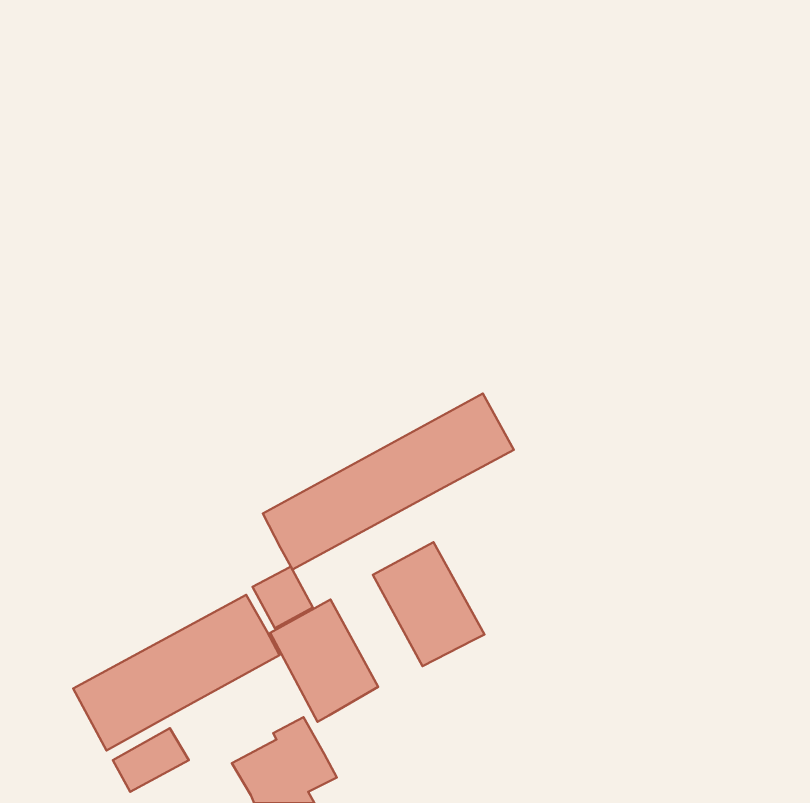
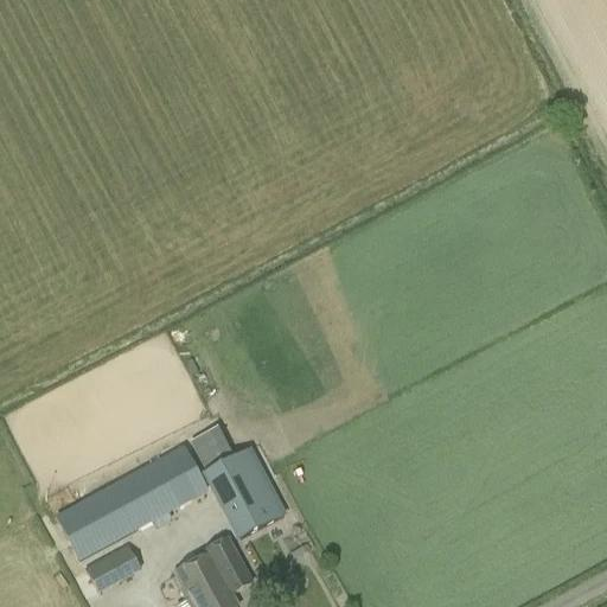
building: [263,393,514,569] -> none
building: [373,542,485,666] -> none

